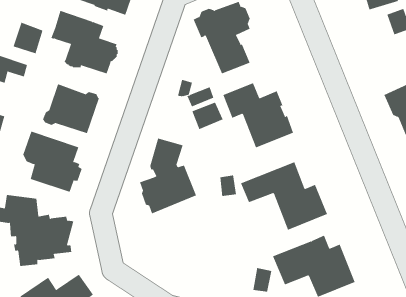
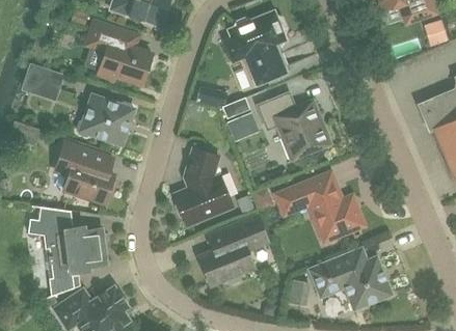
building: [13,22,43,54] -> none
building: none -> [198,217,267,285]

